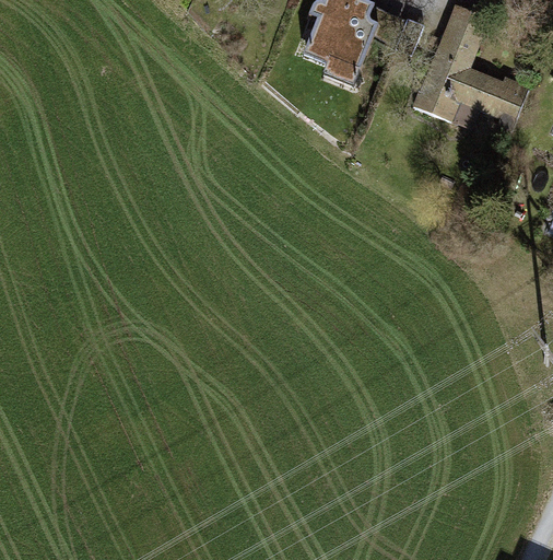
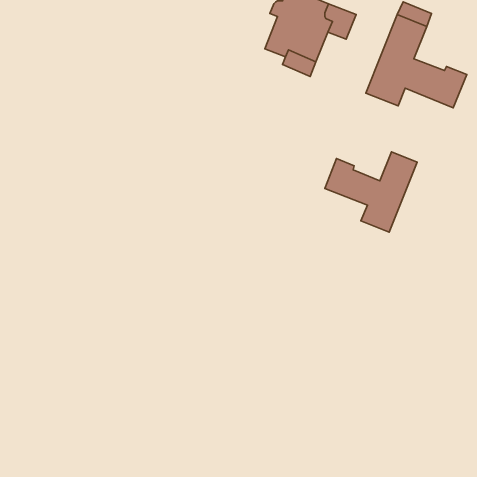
building: none -> [325,152,417,232]

